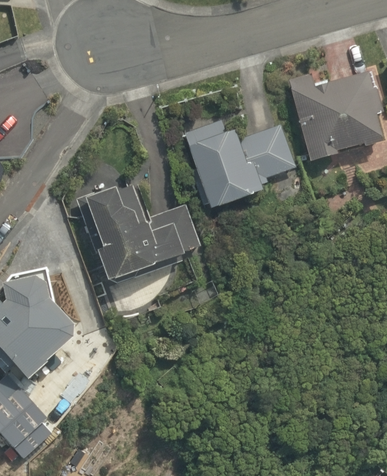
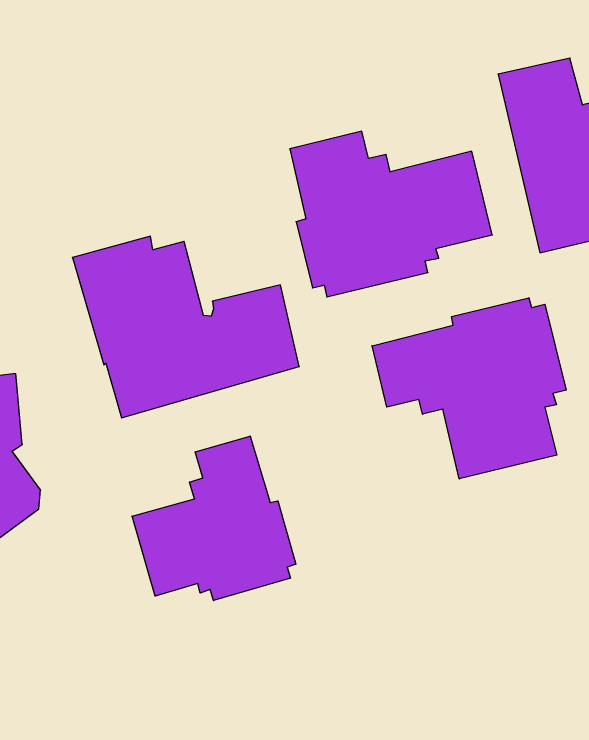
building: none -> [372,298,566,479]
building: none -> [132,436,296,601]

